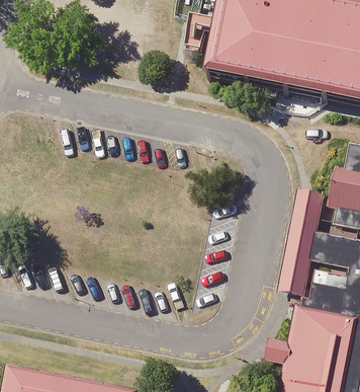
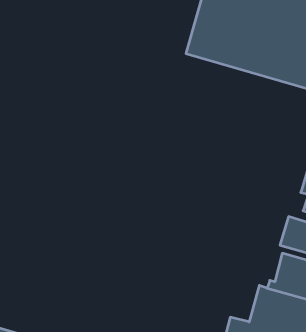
building: [279,189,327,297] -> none

